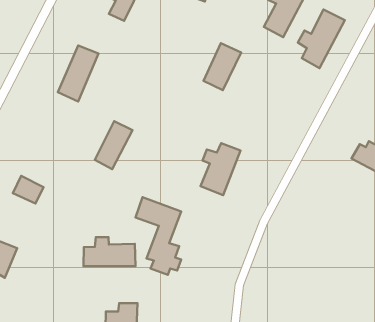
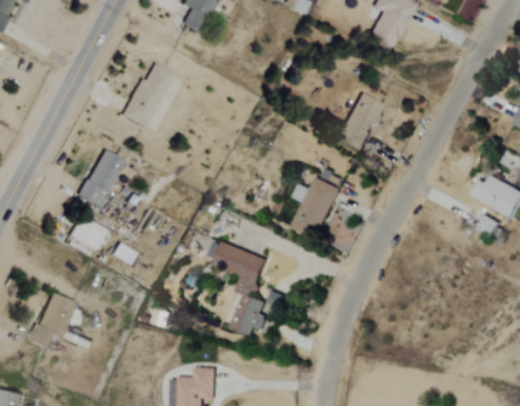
building: [298,9,345,68] -> none
building: [204,43,241,90] -> [337,93,382,149]
building: [95,121,132,169] -> [78,149,122,206]
building: [84,237,136,266] -> none

